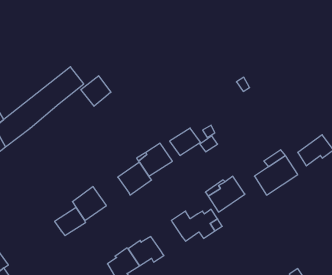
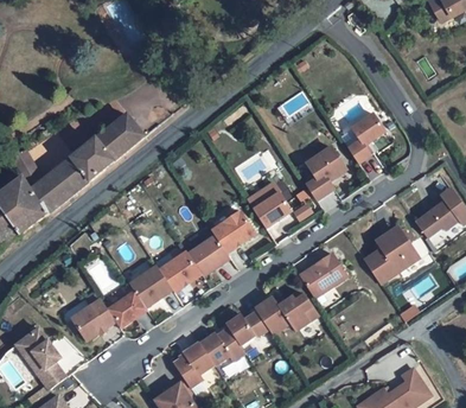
building: none -> [347,111,385,161]
building: [81,76,111,106] -> none
building: none -> [306,146,346,199]
building: none -> [159,250,202,291]
building: none -> [72,298,116,339]
building: none -> [226,310,268,344]

